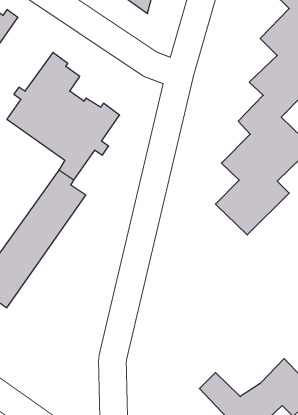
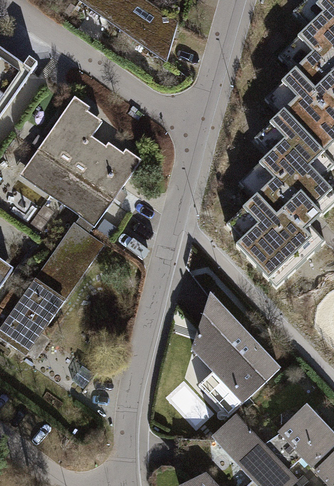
building: none -> [192,295,279,418]

